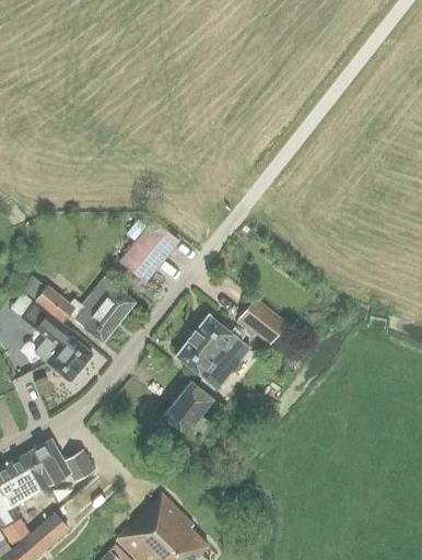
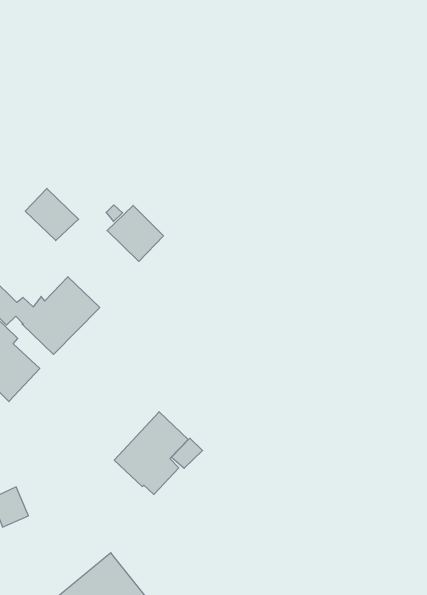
building: [120,241,163,281] -> [25,188,79,241]
building: [239,299,286,345] -> none
building: [176,315,242,387] -> none

